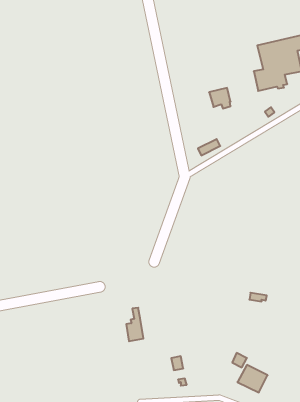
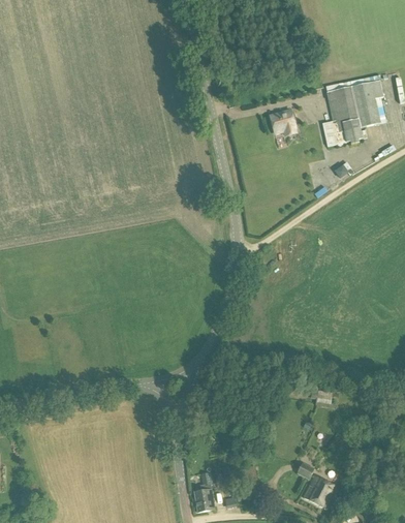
building: [209,88,231,109] -> [269,109,294,133]
building: [126,308,143,341] -> [193,470,214,511]

